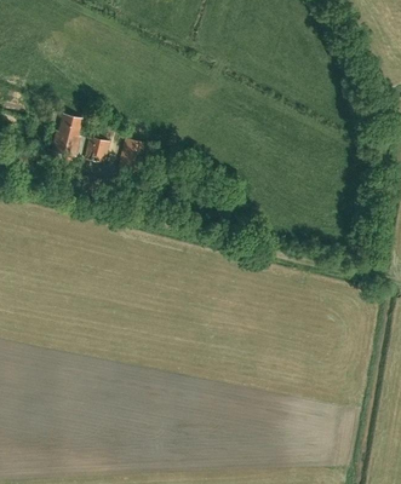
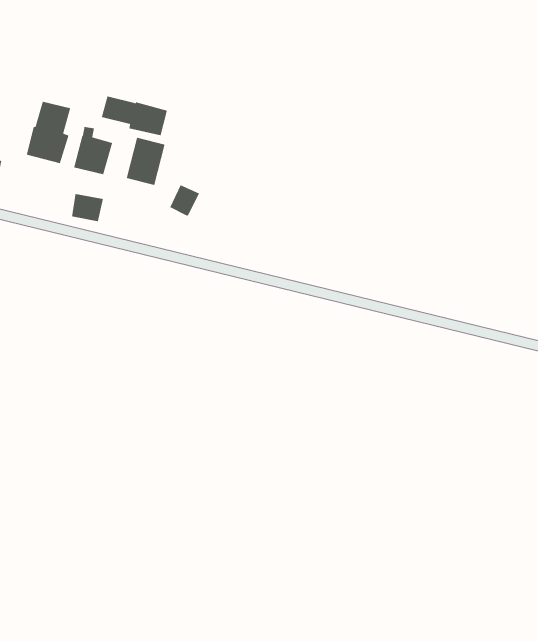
building: none -> [101,96,168,136]

